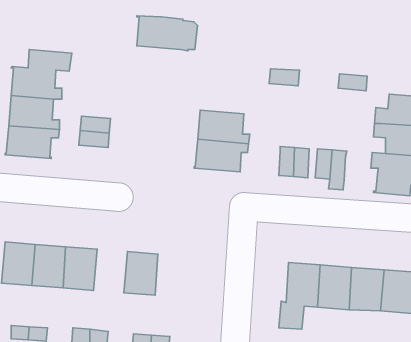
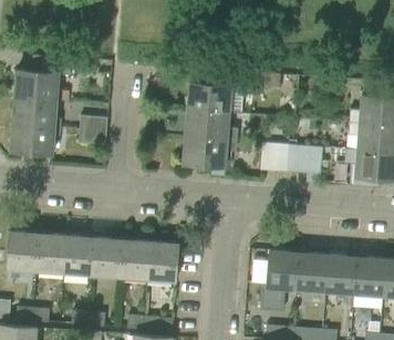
building: [137,16,197,51] -> [188,82,243,114]
building: none -> [91,237,122,277]
building: none -> [147,241,178,281]

